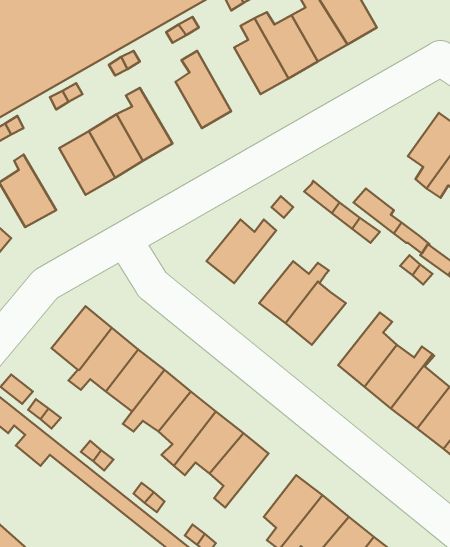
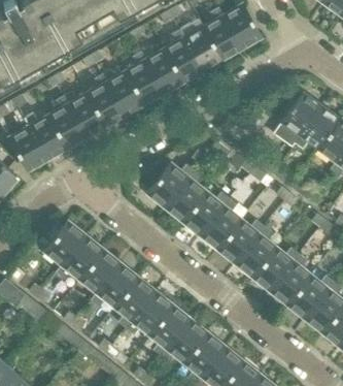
building: none -> [140,46,182,91]
building: none -> [101,69,143,112]
building: none -> [24,114,66,157]
building: none -> [165,170,204,219]
building: none -> [216,219,262,260]
building: none -> [159,319,206,361]

